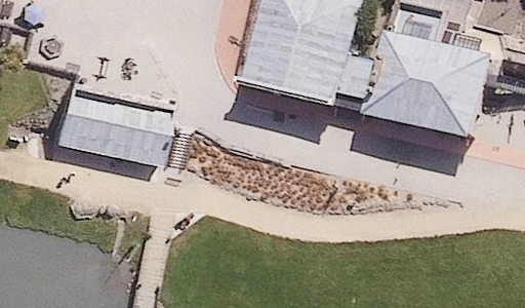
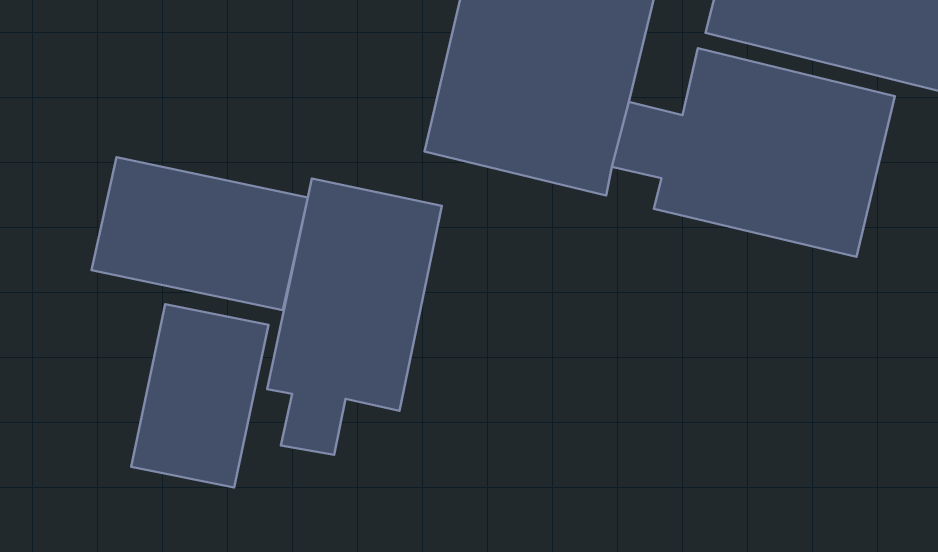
building: none -> [267,178,442,455]
building: none -> [131,304,268,487]

